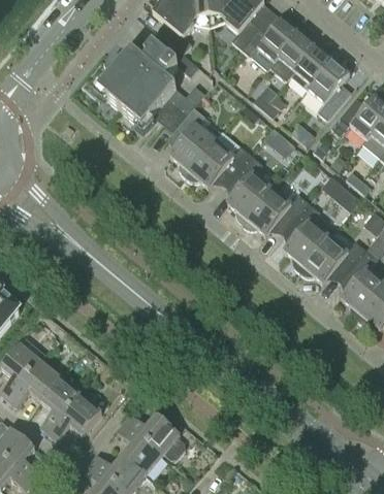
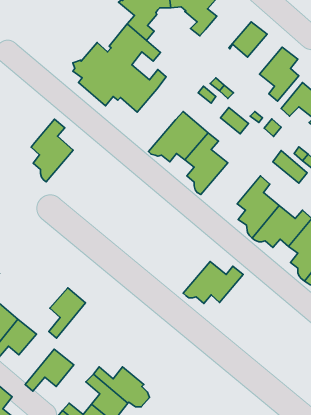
building: [248,18,298,61] -> none
building: [291,45,332,90] -> none
building: [168,106,215,175] -> [31,119,73,182]
building: [243,188,309,234] -> [183,261,243,303]
building: [40,377,81,433] -> [49,288,85,338]

